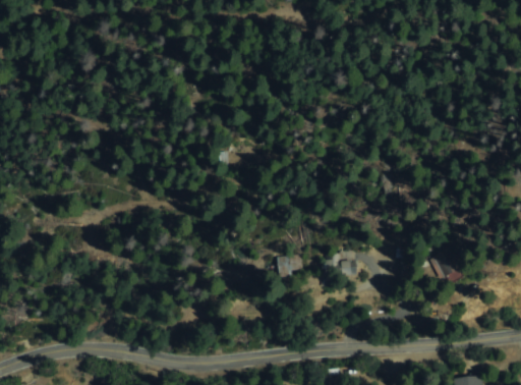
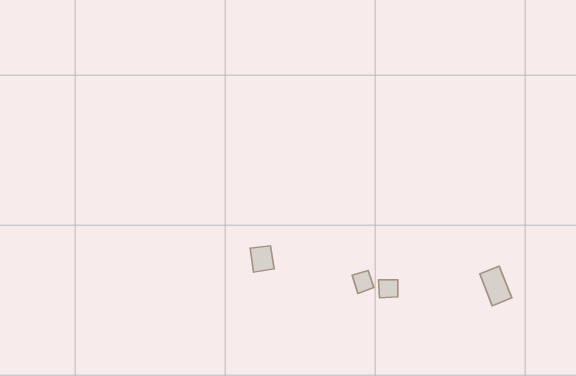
building: [276,255,297,278] -> [250,246,274,272]

